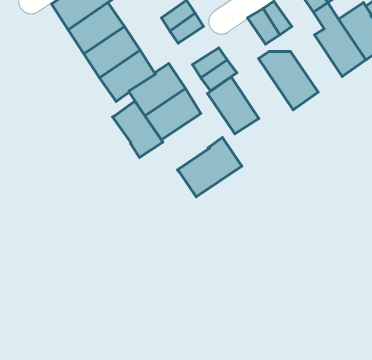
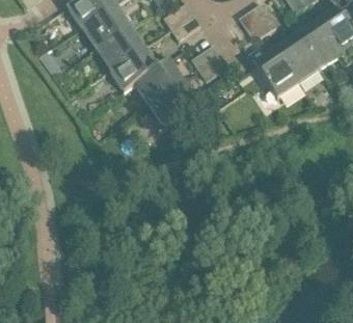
building: [207,77,259,134] -> [275,32,320,82]
building: [113,101,163,157] -> none
building: [177,138,242,197] -> none

